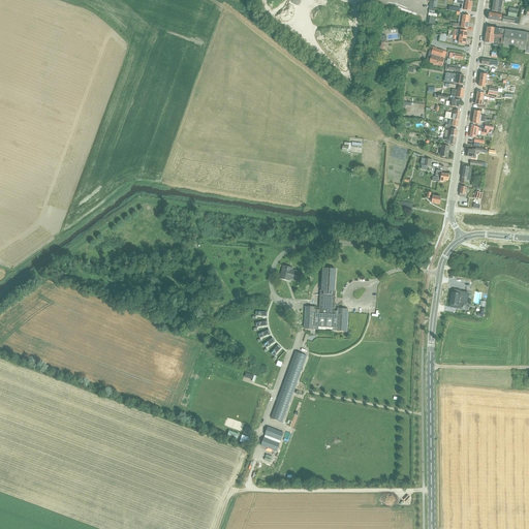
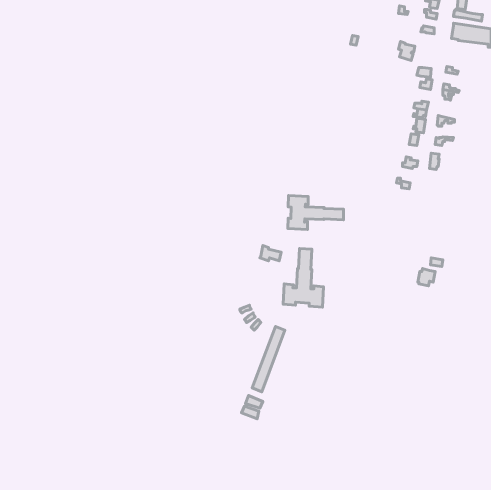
building: none -> [288,195,344,230]

